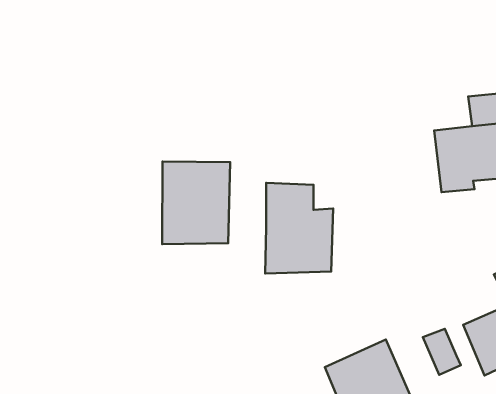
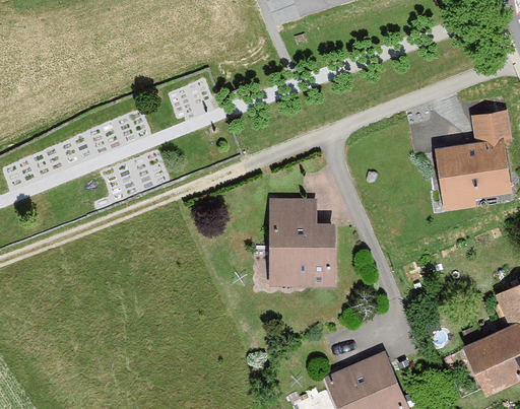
building: [162,162,230,244] -> none
building: [423,329,461,375] -> none

